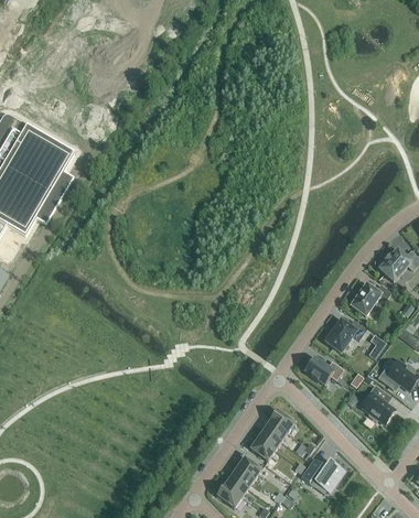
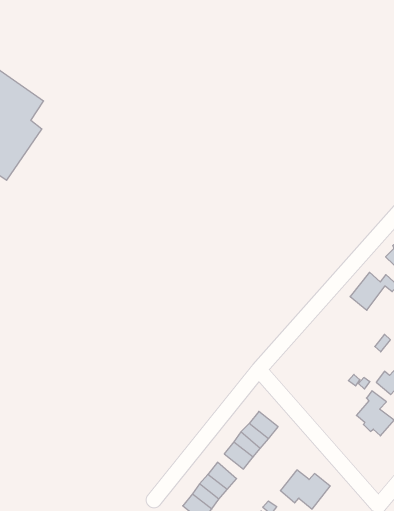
building: [324,320,366,353] -> none
building: [304,358,344,385] -> none

